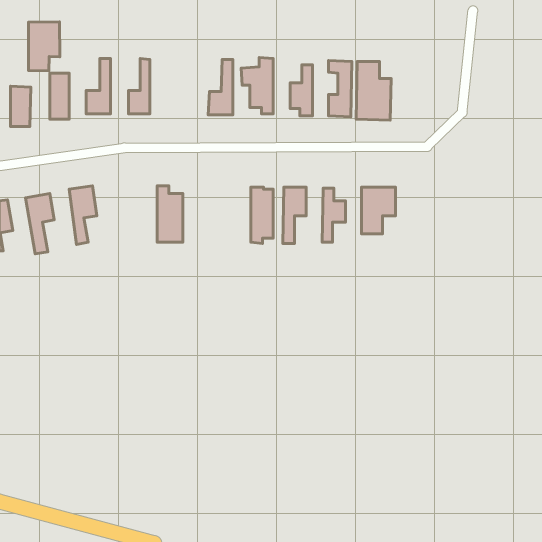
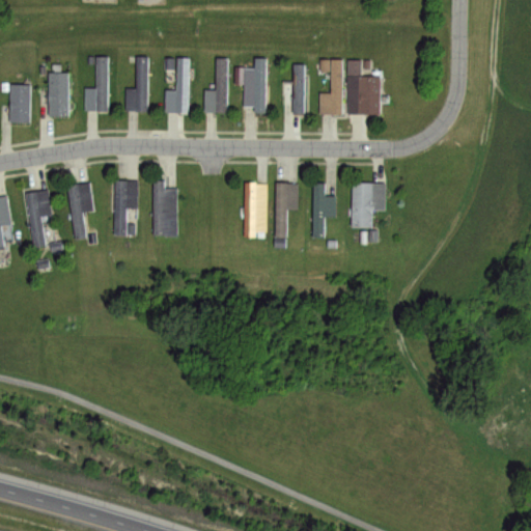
building: [29,22,60,71] -> none
building: none -> [165,58,189,114]
building: none -> [113,181,138,236]

